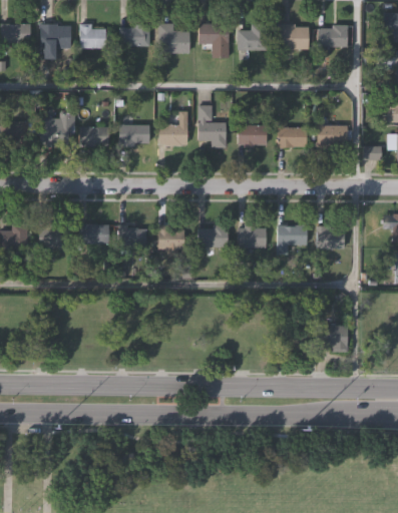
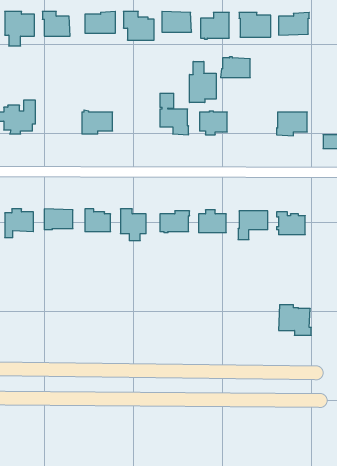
building: none -> [190,61,216,103]
building: [157,124,186,146] -> none
building: [79,126,108,147] -> none
building: [276,126,306,147] -> [221,57,250,78]

